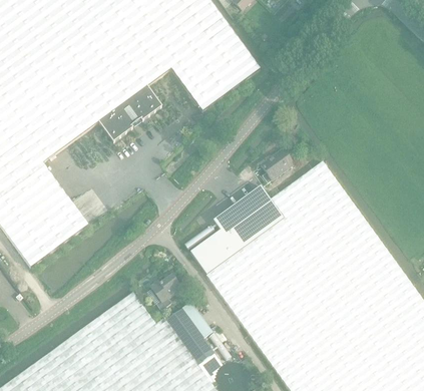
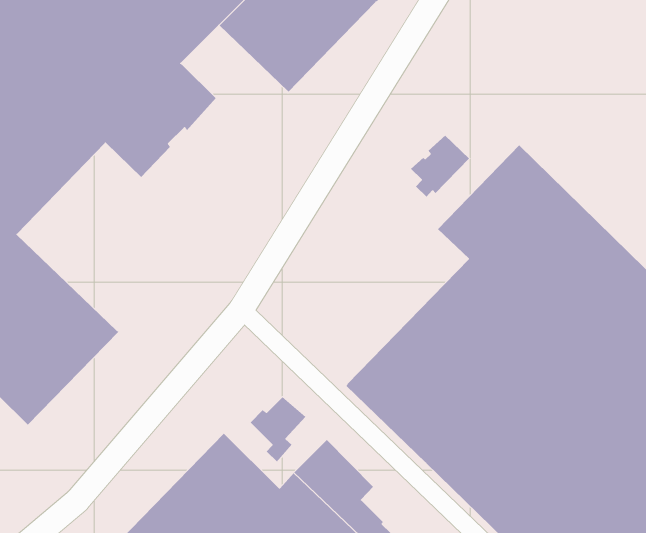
building: [189,185,284,274] -> none

